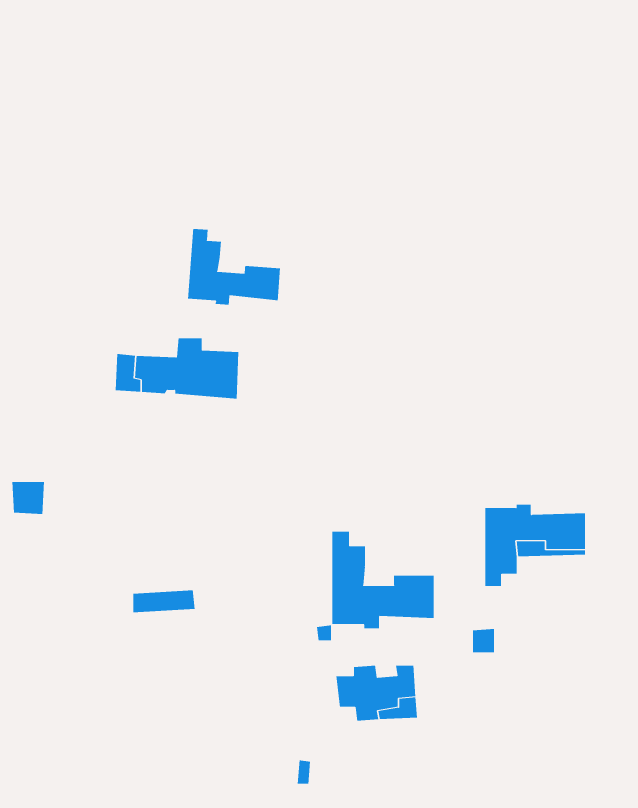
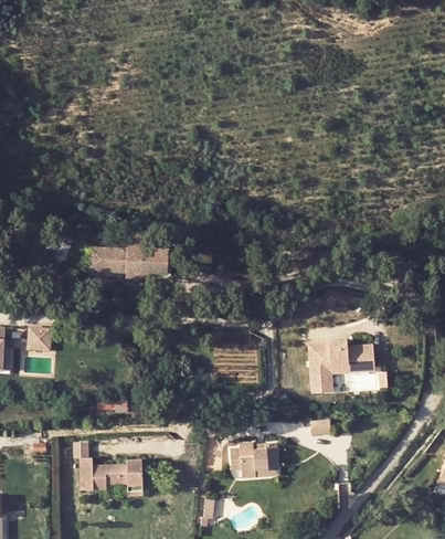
building: [188,228,280,305] -> none
building: [332,531,434,629] -> none
building: none -> [72,441,141,489]

